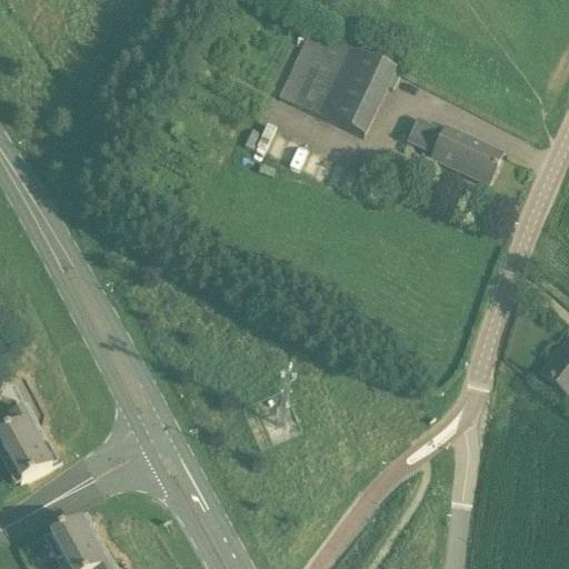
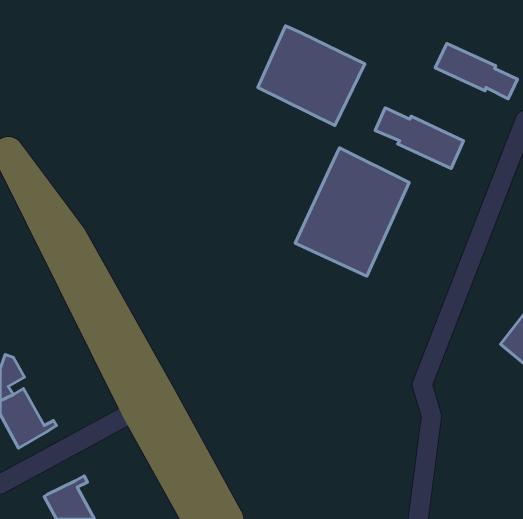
building: none -> [435,44,517,99]
building: none -> [295,148,409,276]

